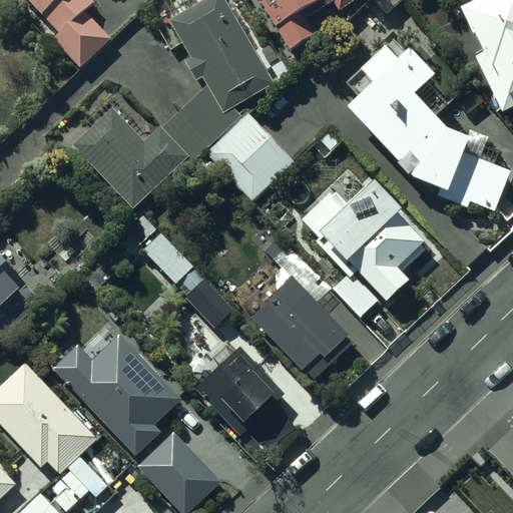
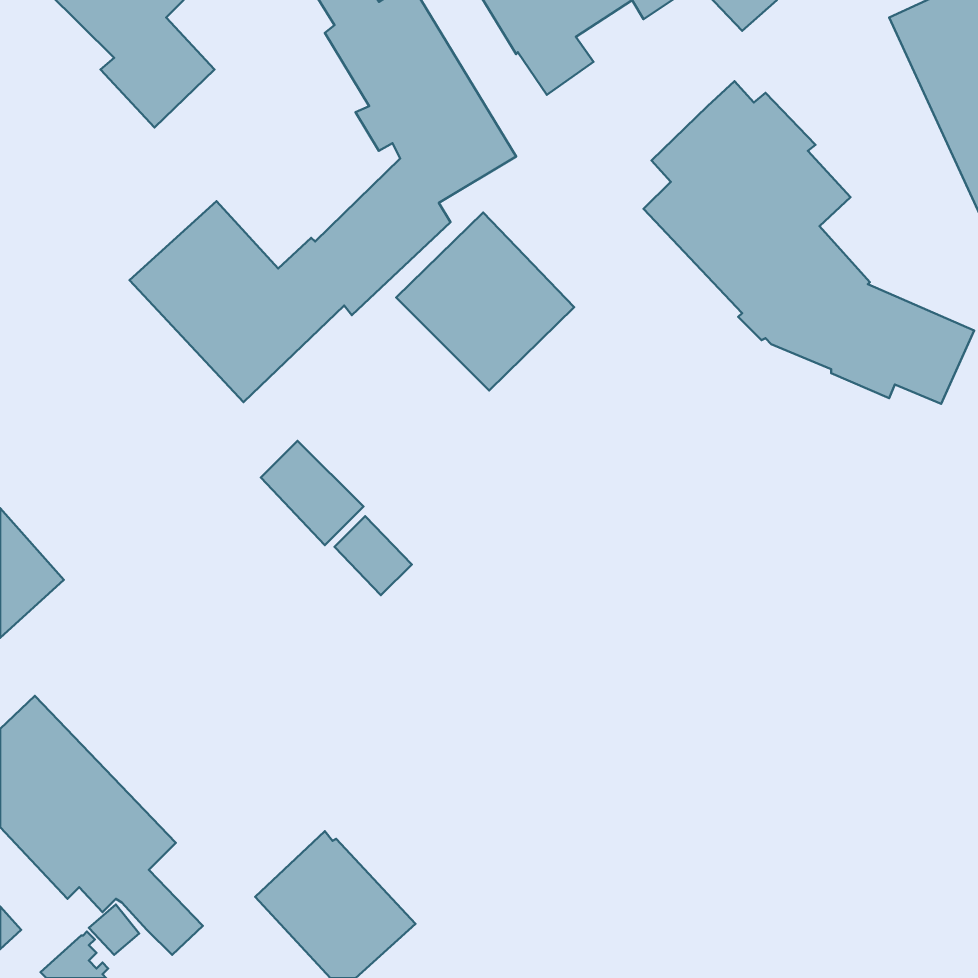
building: [299,181,422,301] -> none
building: [247,243,352,379] -> none
building: [50,334,178,454] -> none
building: [191,340,281,433] -> none

